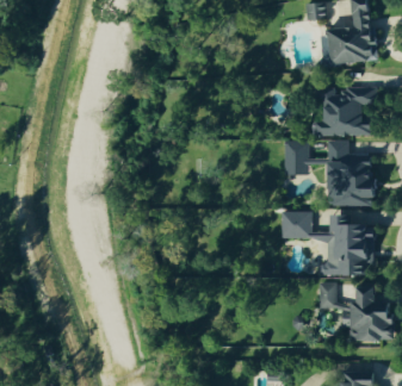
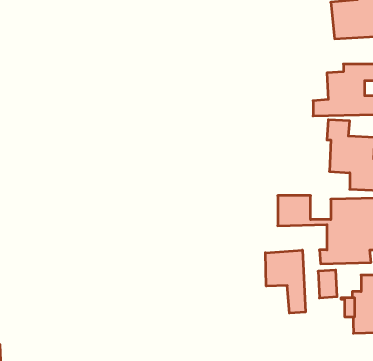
building: [283,142,307,176] -> none
building: none -> [265,250,305,313]

